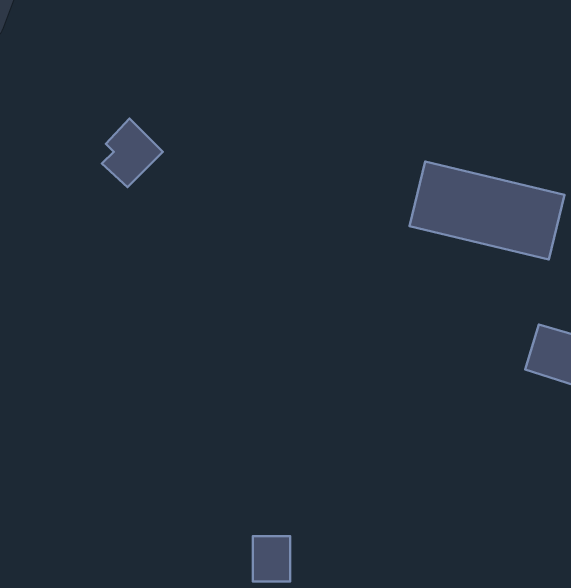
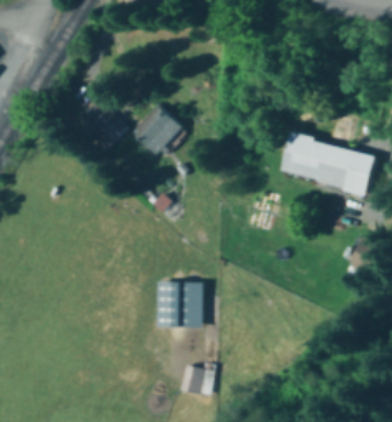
building: none -> [132,104,182,154]
building: none -> [161,281,203,327]

